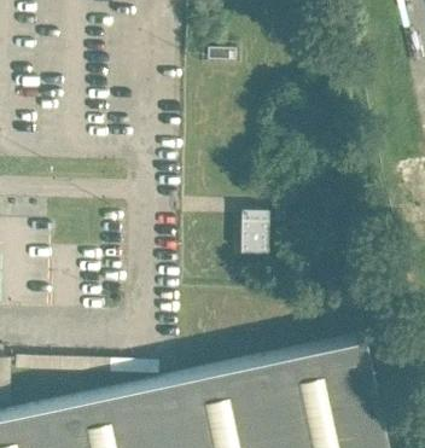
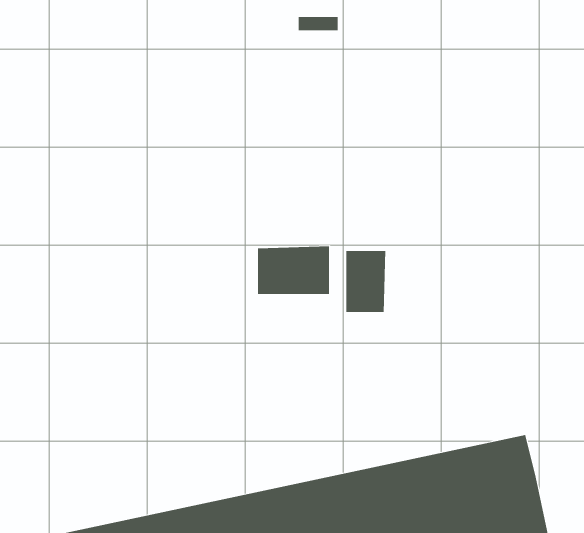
building: none -> [257,246,330,295]

